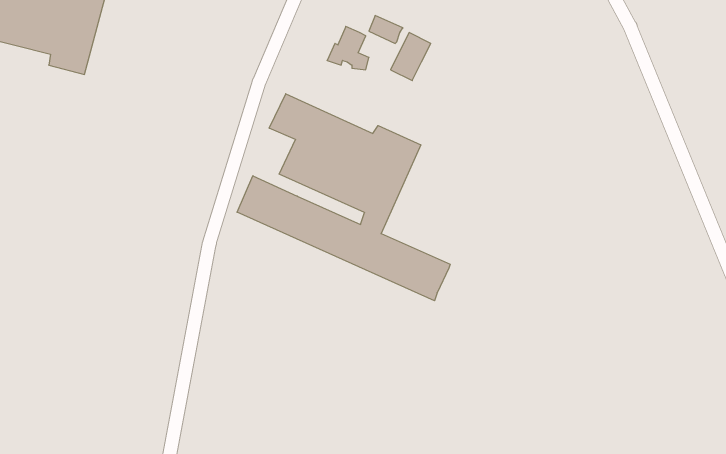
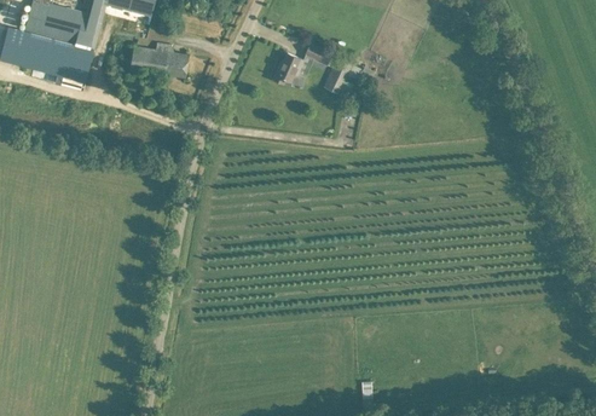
building: none -> [129,46,189,77]
building: [237,94,450,301] -> none

